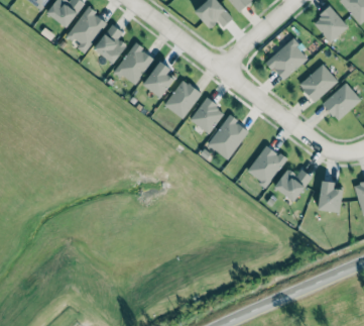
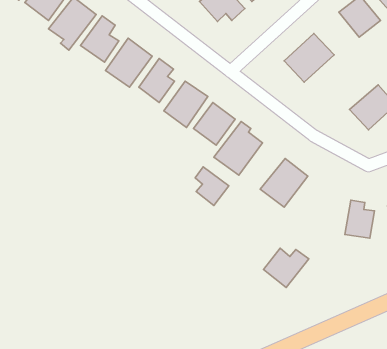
building: [298,64,338,103] -> none
building: none -> [195,167,229,206]
building: [274,169,313,202] -> [264,248,309,287]

